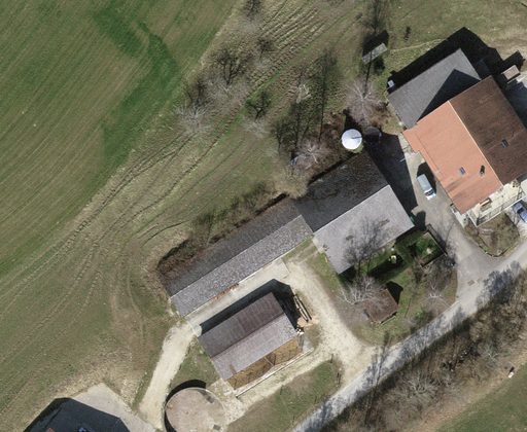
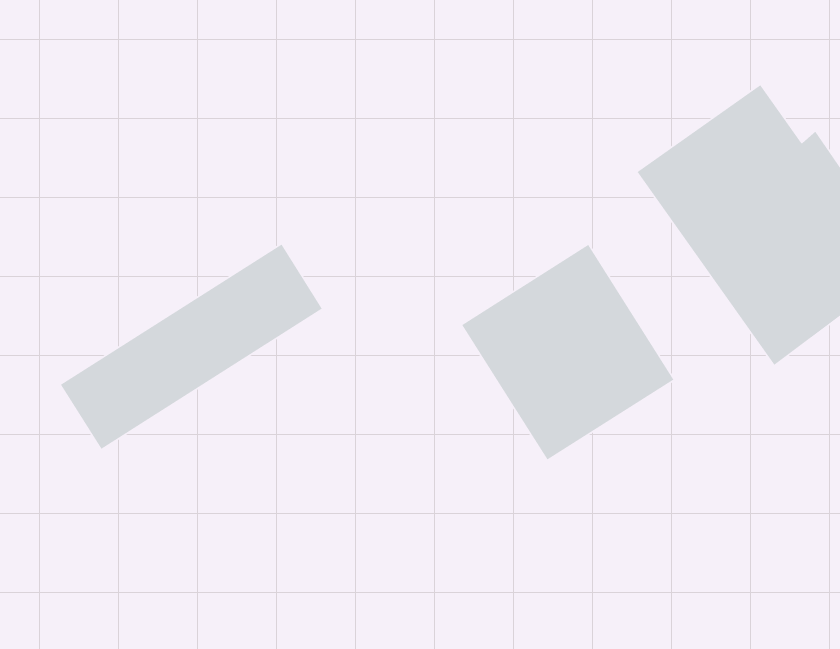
building: [156,195,314,319] -> [60,243,323,450]
building: [195,293,295,382] -> none

